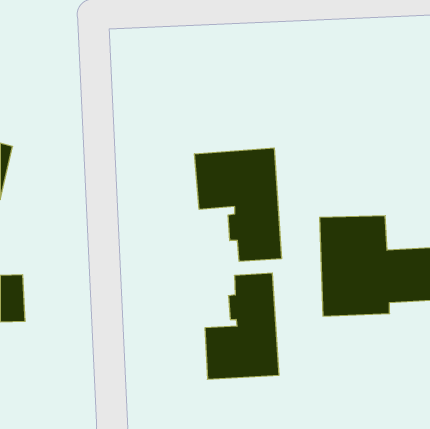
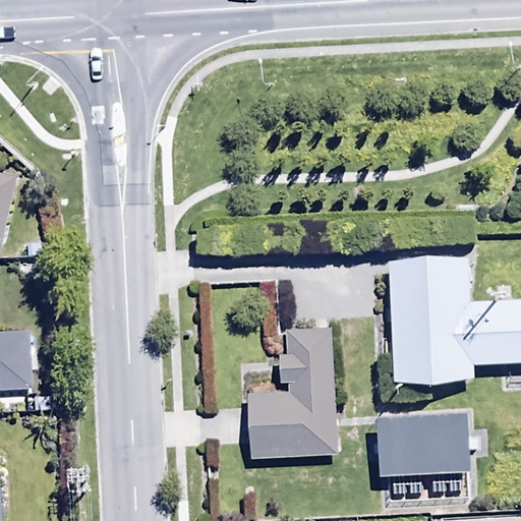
building: [195,148,281,261] -> none
building: none -> [378,414,481,473]

